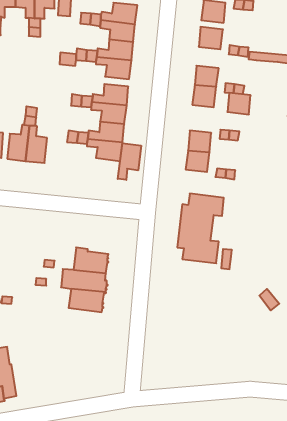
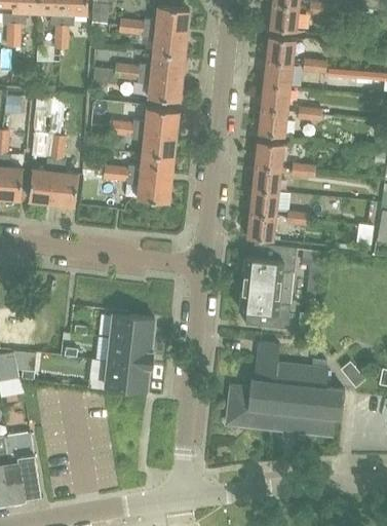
building: none -> [263,61,293,87]
building: [227,93,251,114] -> [255,141,283,167]
building: [118,143,141,180] -> none
building: none -> [247,213,276,240]
building: none -> [227,341,344,436]

